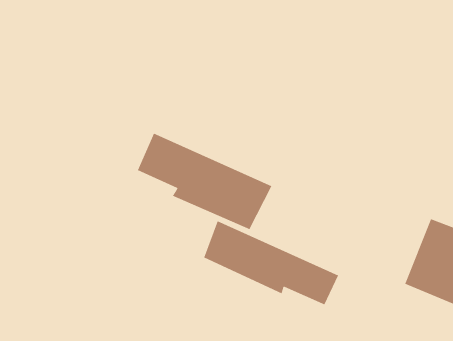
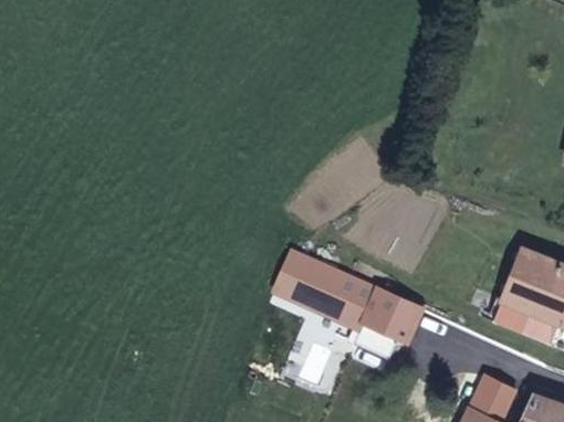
building: [137,132,272,230] -> none

